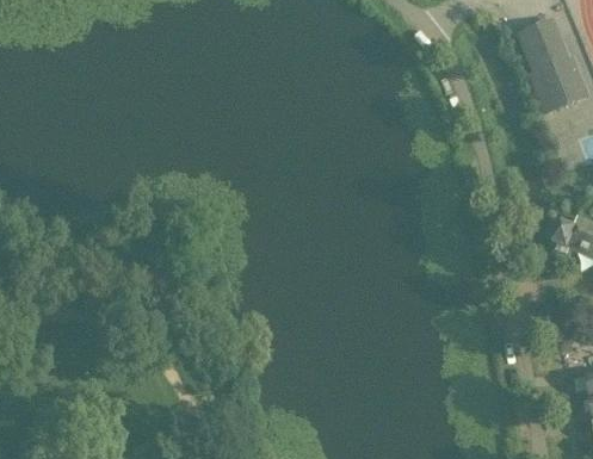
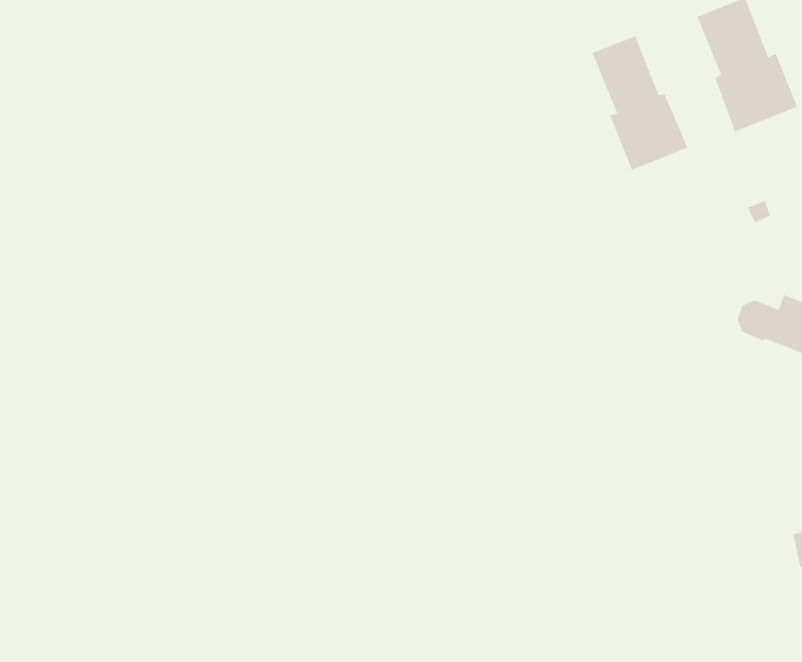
building: none -> [592,35,688,171]

